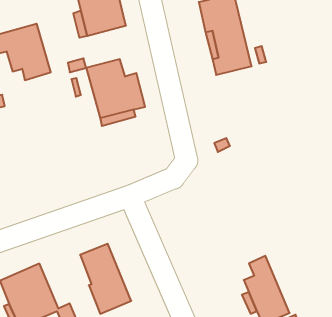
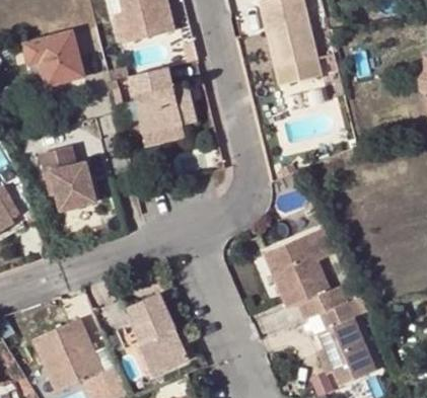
building: none -> [39,141,94,206]
building: none -> [264,233,347,318]

